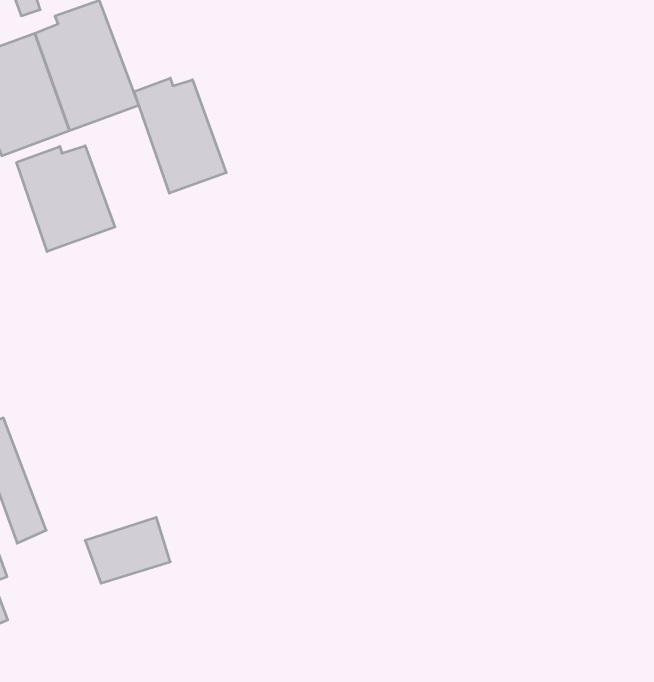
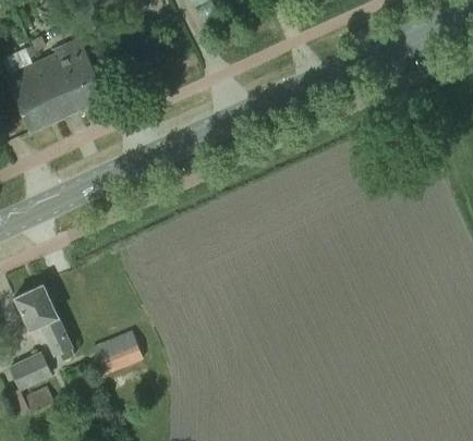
building: [134,78,226,193] -> none
building: [17,146,115,252] -> none

